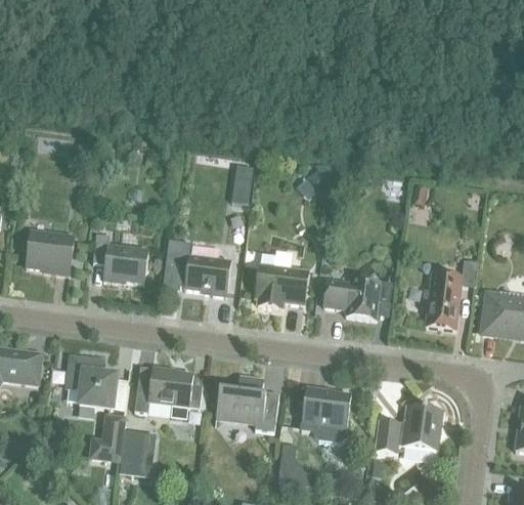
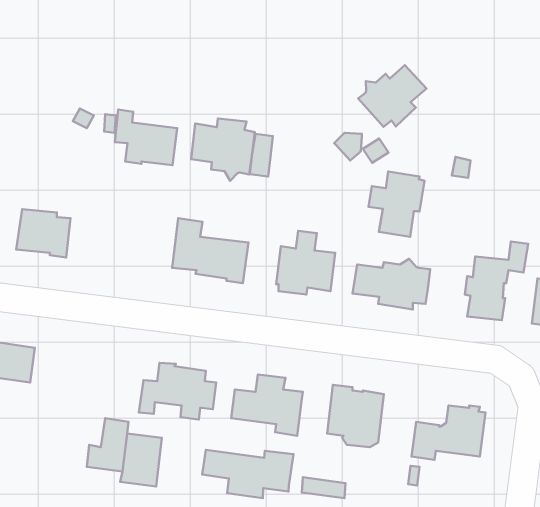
building: none -> [358,65,427,127]
building: none -> [191,118,255,181]
building: none -> [369,172,424,237]
building: [93,234,148,283] -> [115,110,177,165]
building: [69,356,116,408] -> none
building: none -> [202,450,293,498]

